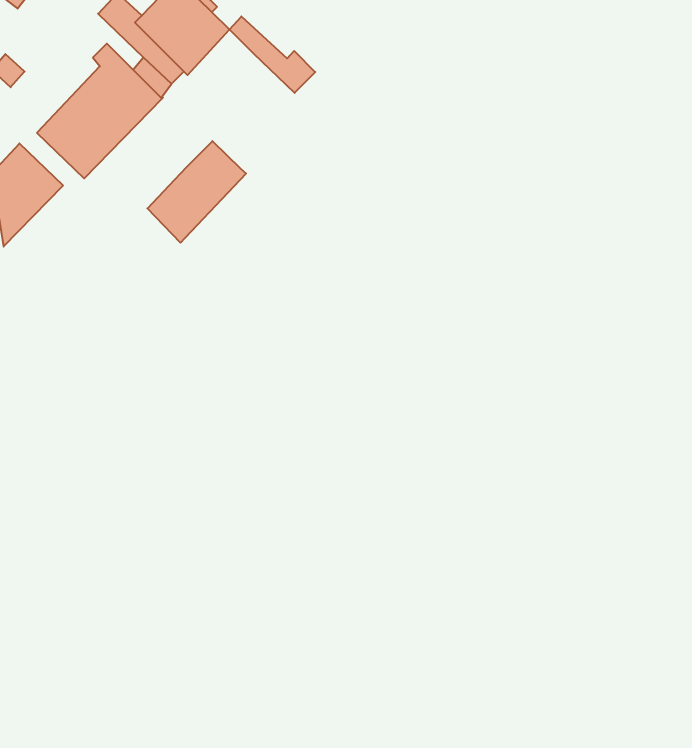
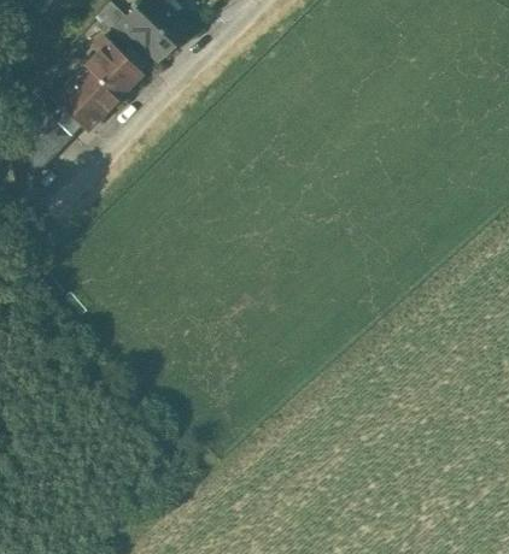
building: [229,16,315,93] -> none
building: [147,141,246,243] -> none

